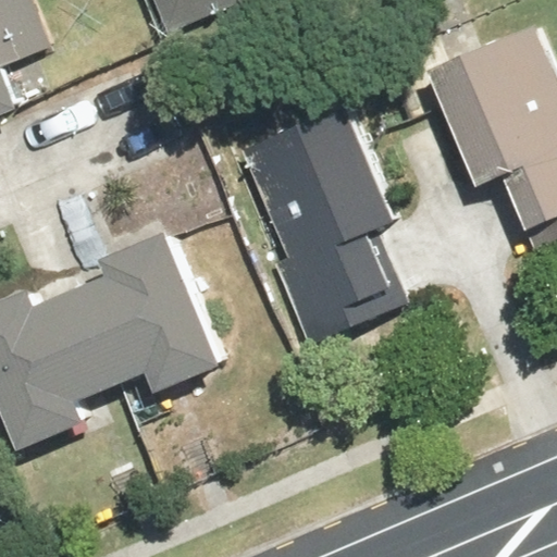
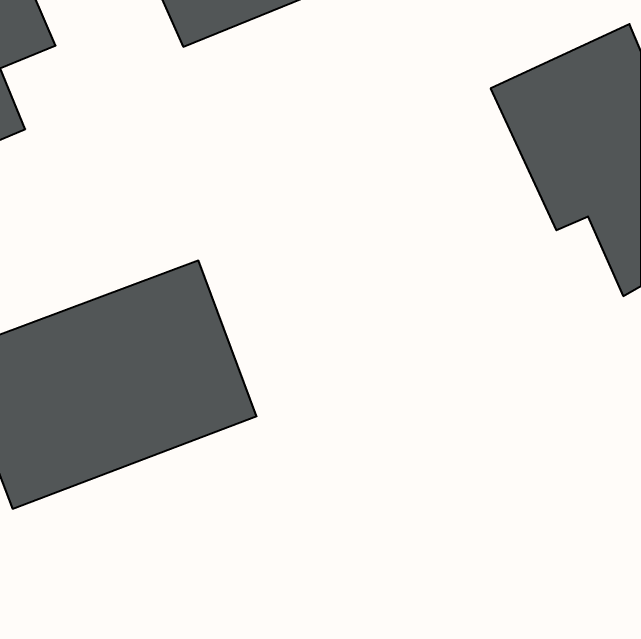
building: [257,121,405,335] -> none

